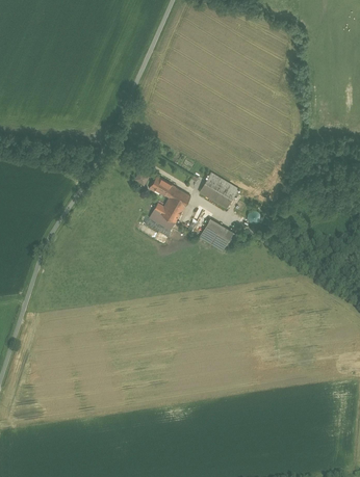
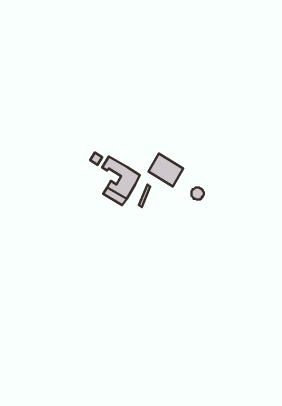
building: [199,219,232,250] -> none

